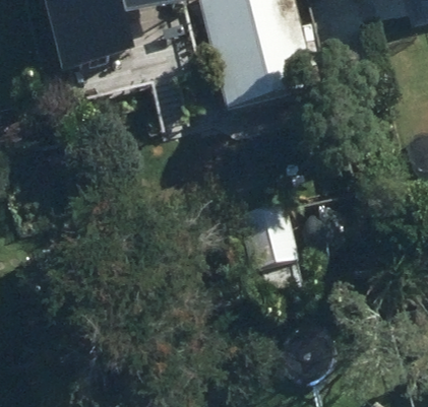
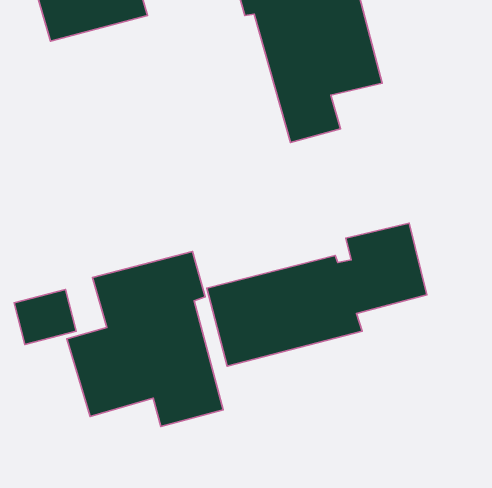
building: none -> [67,251,223,427]

